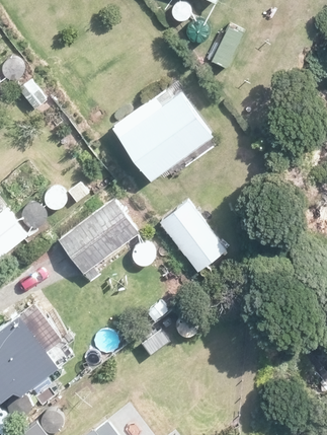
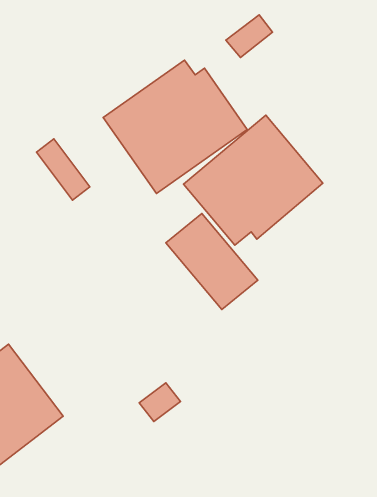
building: none -> [184,115,323,245]
building: [56,197,141,279] -> none

